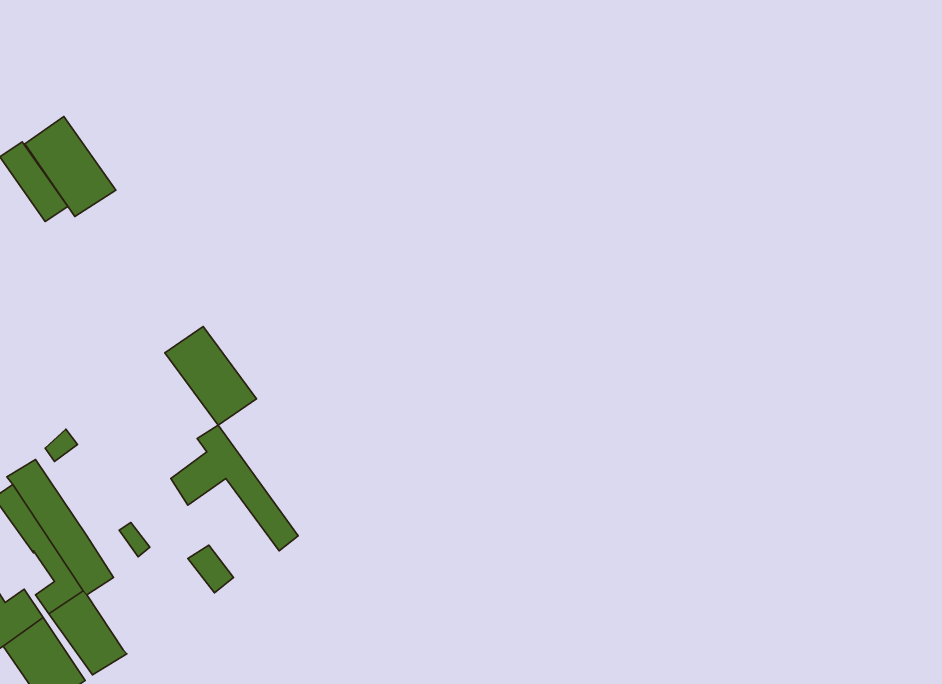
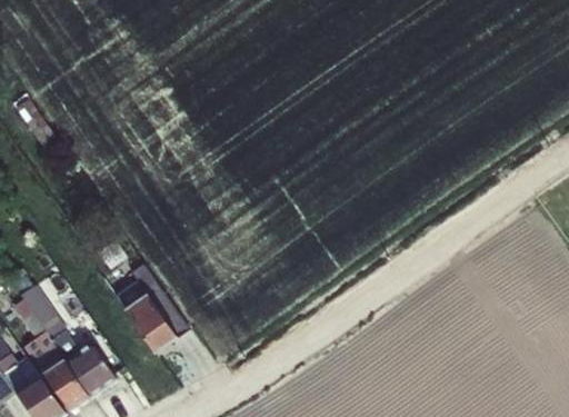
building: [25,116,116,217] -> none
building: [165,326,256,425] -> [124,295,178,353]
building: none -> [66,345,114,395]

